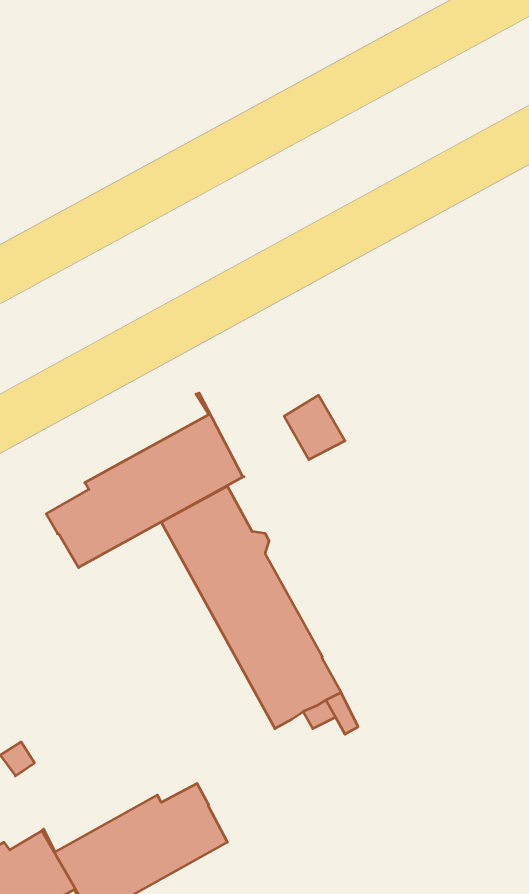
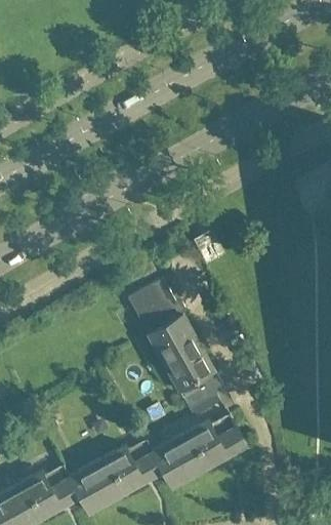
building: [46,393,244,568] -> none
building: none -> [148,415,242,488]

